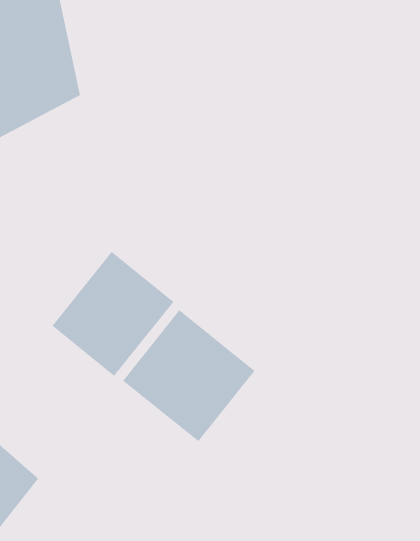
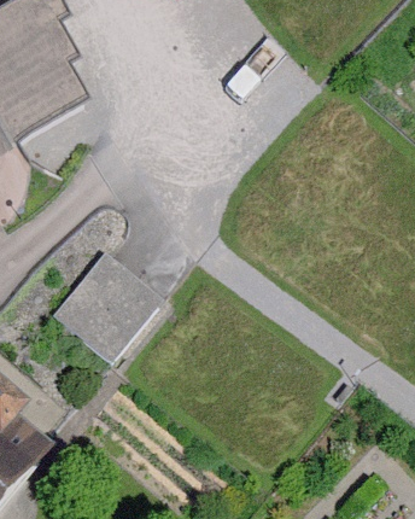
building: [122,309,256,442] -> none

